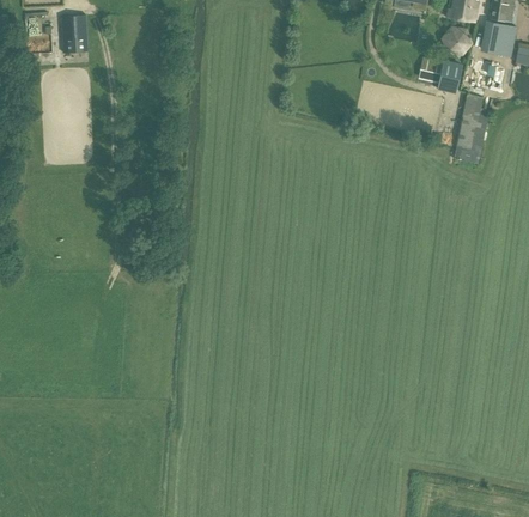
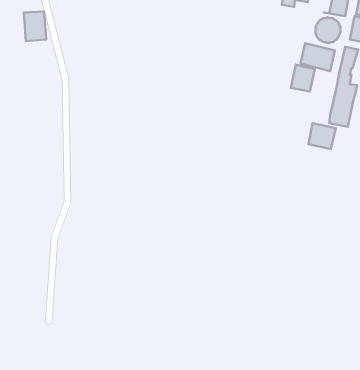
building: none -> [291,64,315,92]
building: none -> [308,123,336,149]

